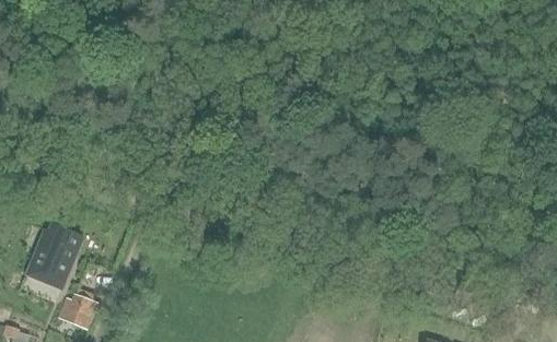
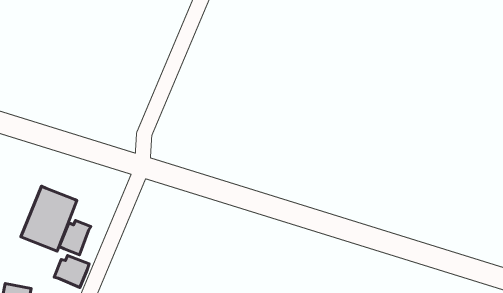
building: none -> [59,221,91,255]

